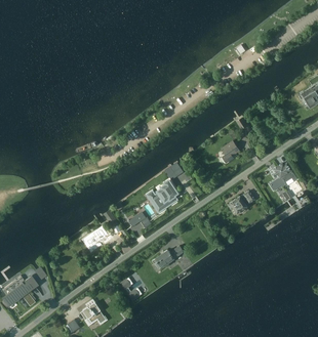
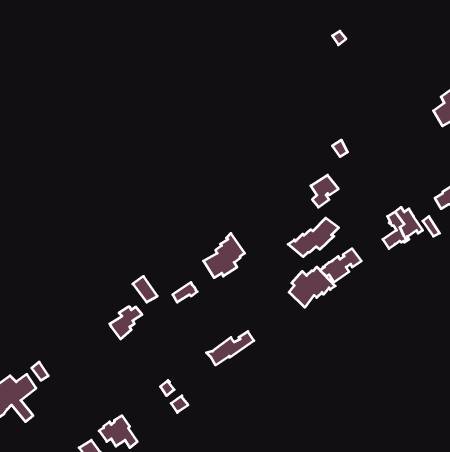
building: none -> [288,218,339,257]
building: none -> [289,267,335,307]

